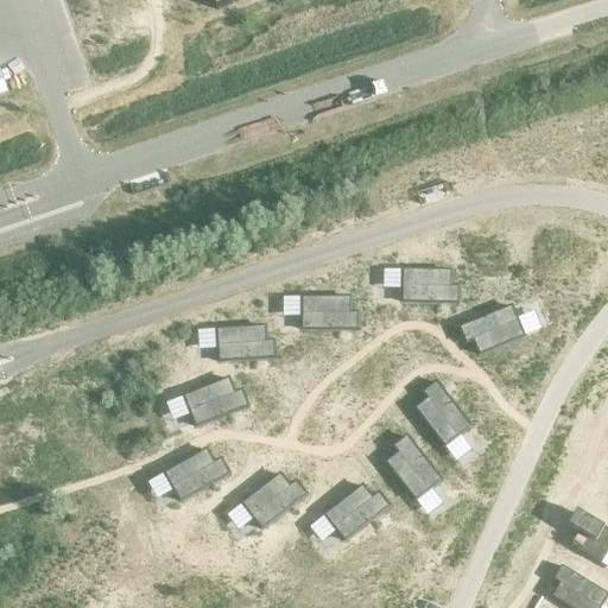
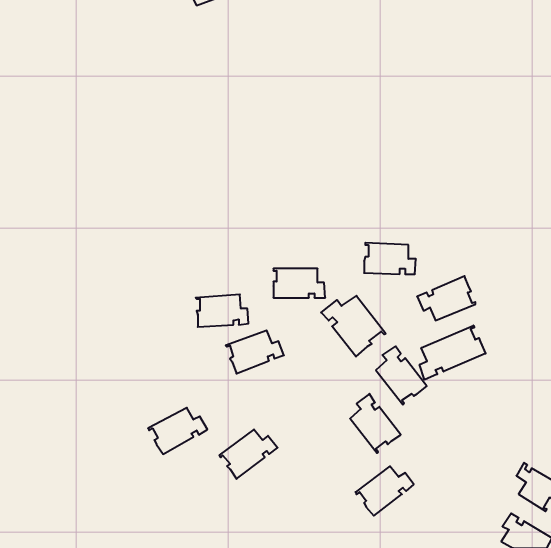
building: none -> [321,296,386,357]
building: none -> [420,325,486,380]
building: [184,378,248,425] -> [226,330,284,374]
building: [324,484,388,539] -> [355,466,414,516]

